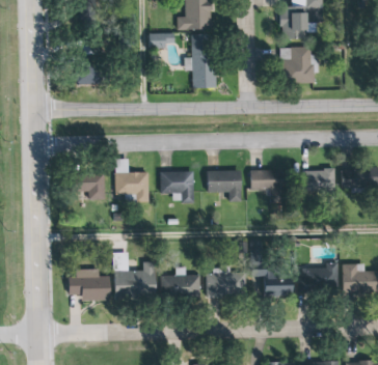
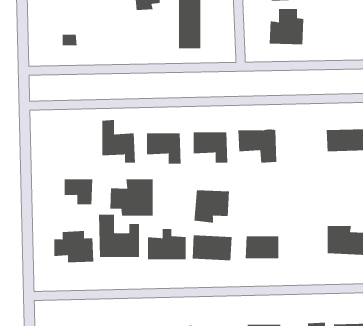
building: [299,168,335,192] -> none
building: [75,173,104,199] -> [64,179,93,205]
building: none -> [110,179,153,216]
building: none -> [194,189,230,223]
building: [296,262,338,294] -> none

